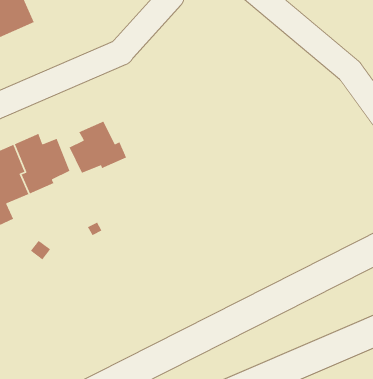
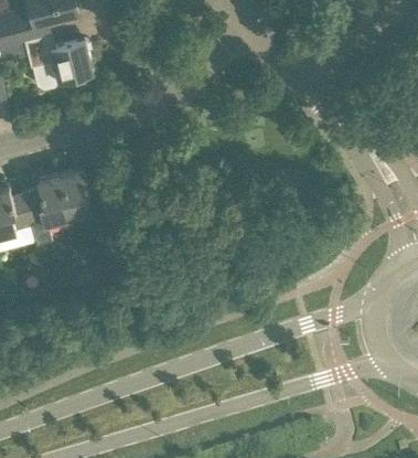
building: [68,121,127,174] -> none

